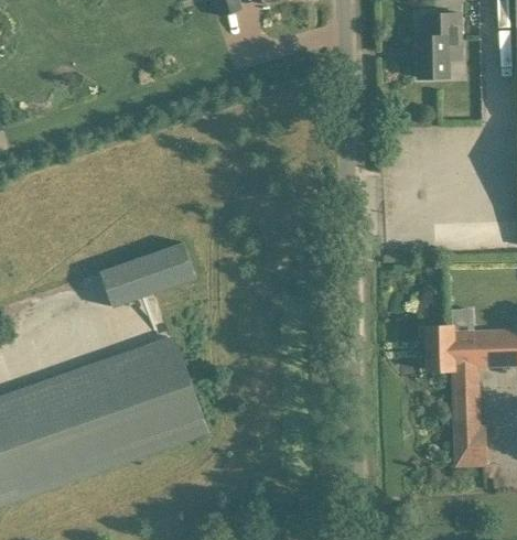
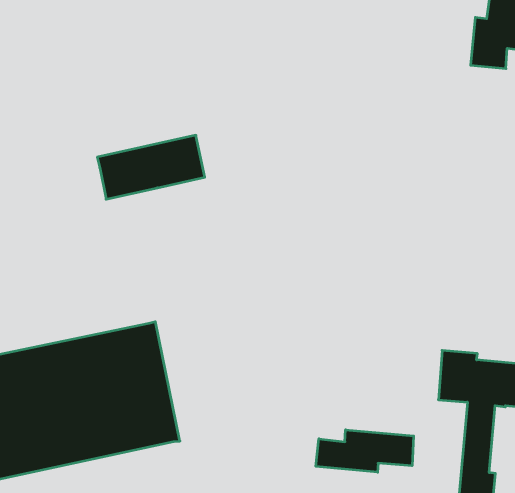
building: [101,242,196,307] -> [97,135,205,199]
building: none -> [316,430,414,472]

